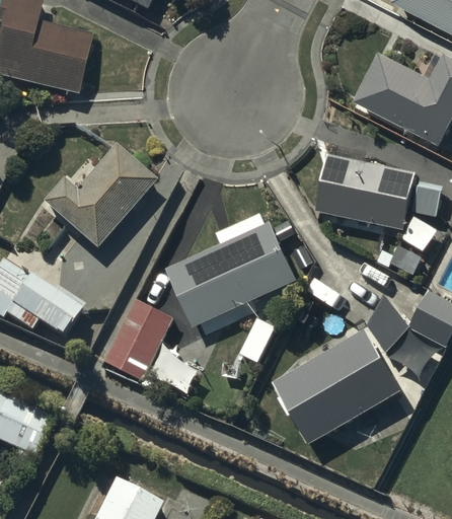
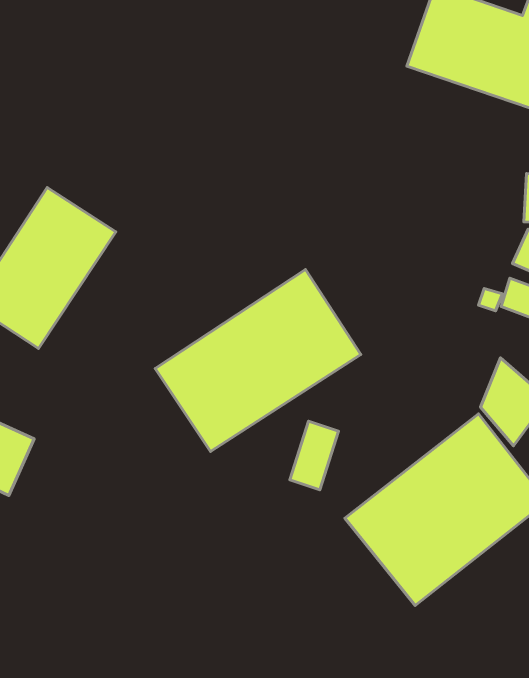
building: [317,154,415,228] -> none
building: [106,299,172,378] -> none

